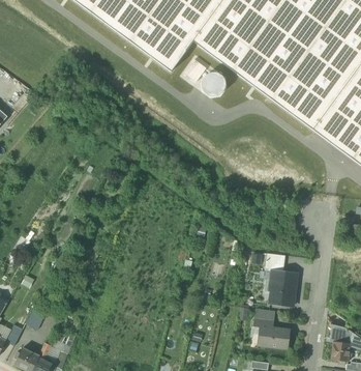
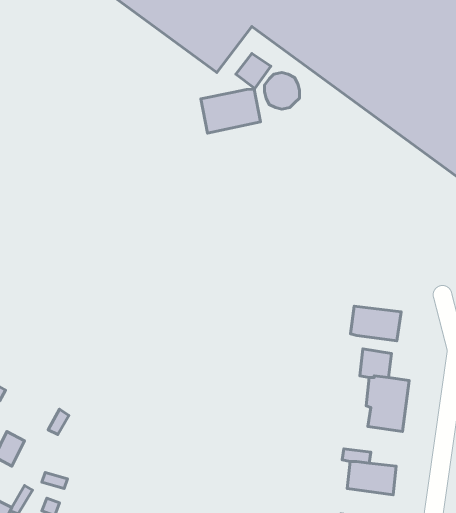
building: none -> [201,89,260,133]
building: none -> [350,306,401,341]

